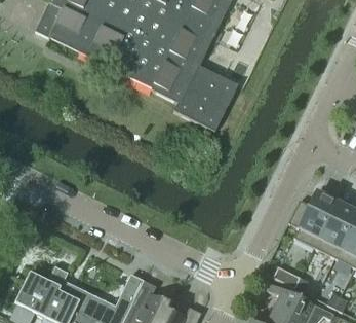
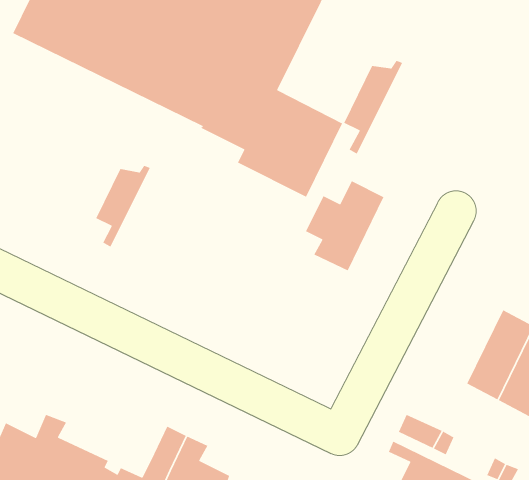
building: none -> [343,60,403,155]
building: none -> [95,165,151,248]
building: [288,190,338,247] -> [305,180,385,271]

